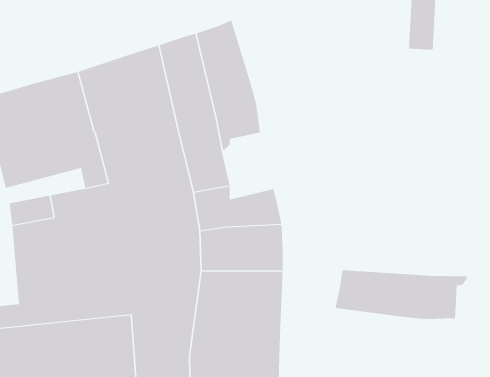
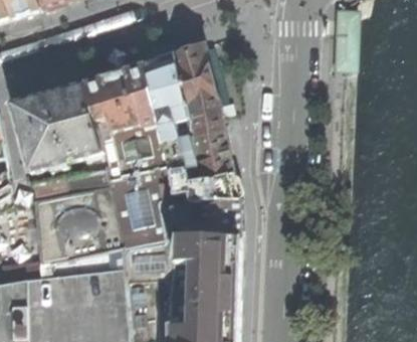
building: none -> [191,128,230,178]
building: [335,269,468,320] -> none

